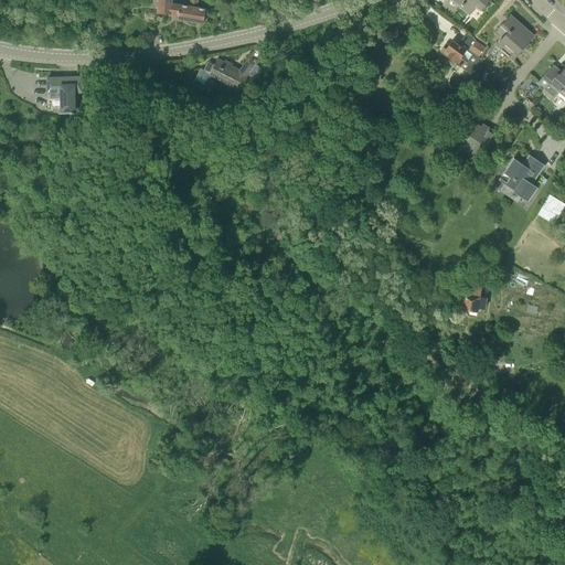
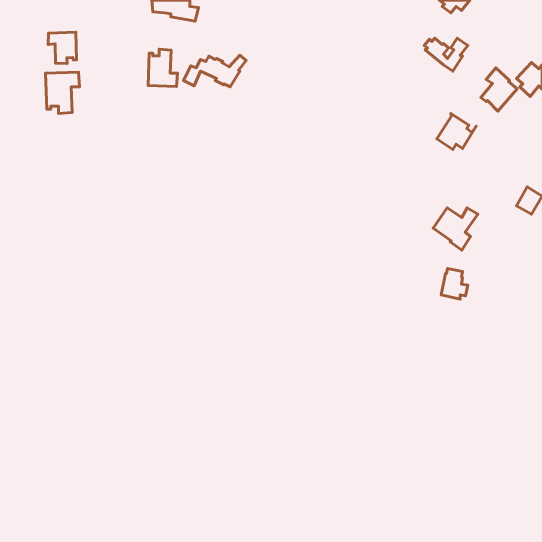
building: [494,14,532,60] -> [481,68,517,111]
building: none -> [48,32,77,63]
building: none -> [148,49,178,87]
building: [499,158,545,202] -> [433,208,478,250]

